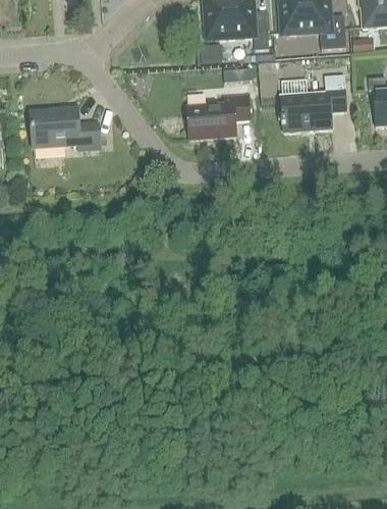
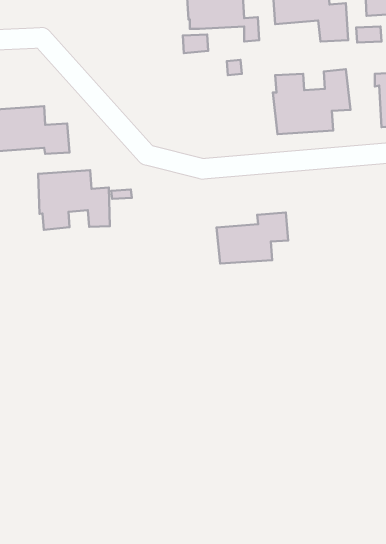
building: [186,93,250,138] -> [217,213,288,264]
building: none -> [38,170,110,230]

